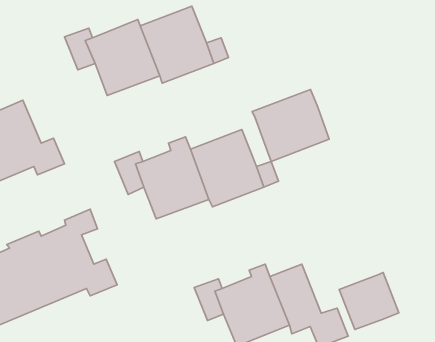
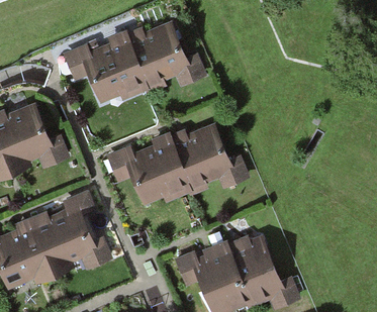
building: [252,89,329,161] -> none
building: [339,272,399,330] -> none

